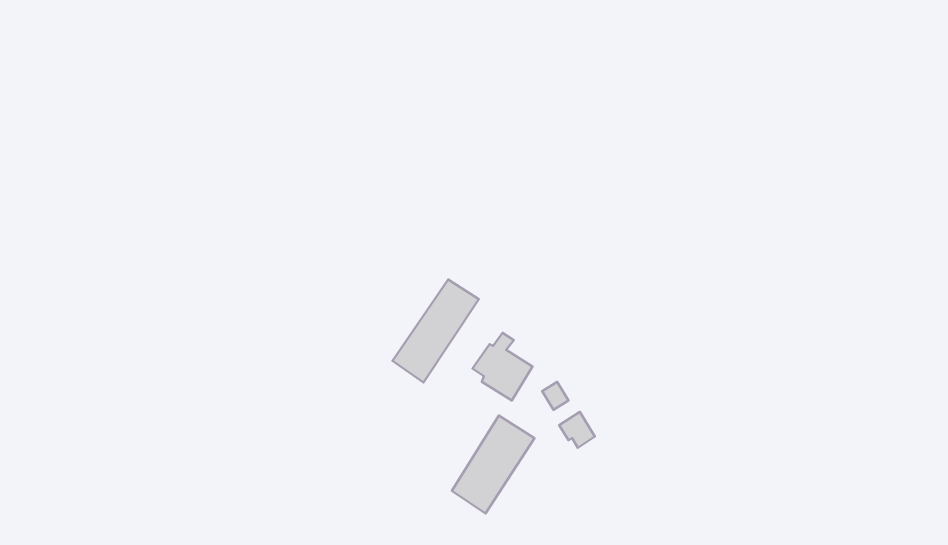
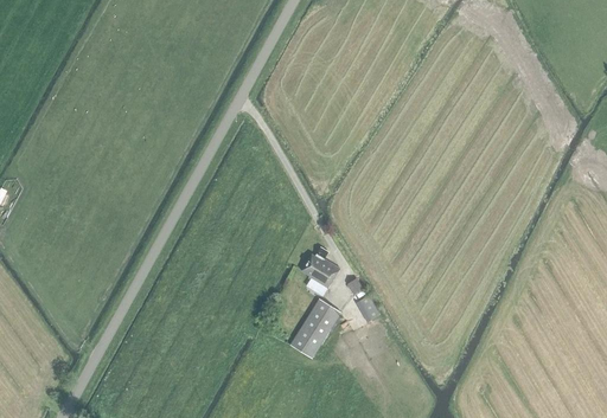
building: [392,279,479,382] -> none

